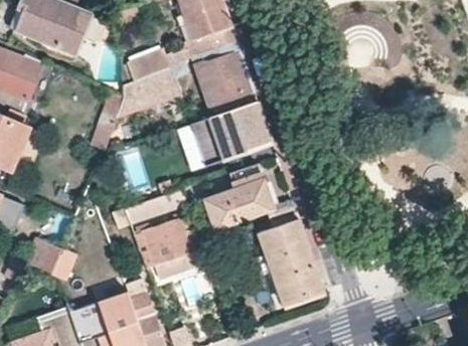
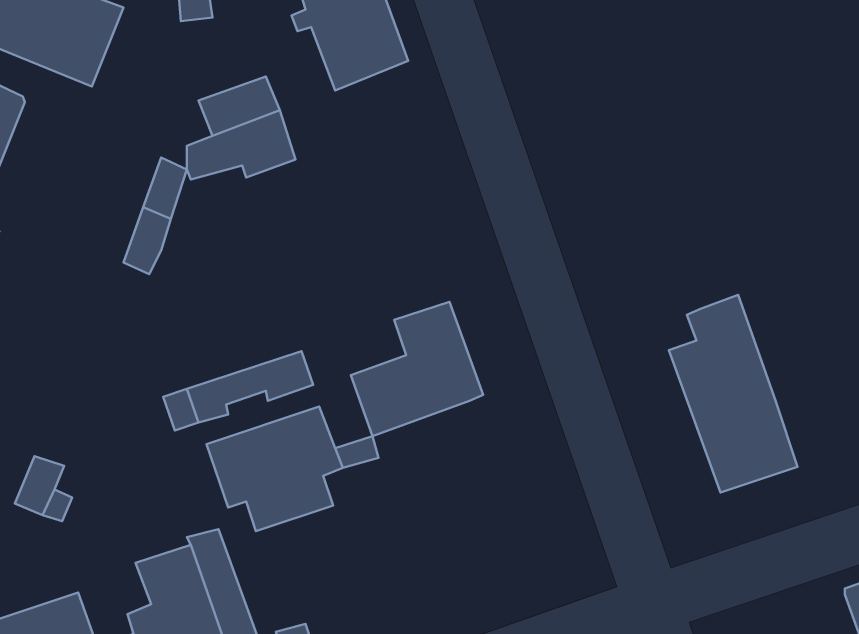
building: [194,41,254,105] -> none
building: [190,102,273,166] -> none
building: [259,204,324,305] -> [669,295,797,493]

